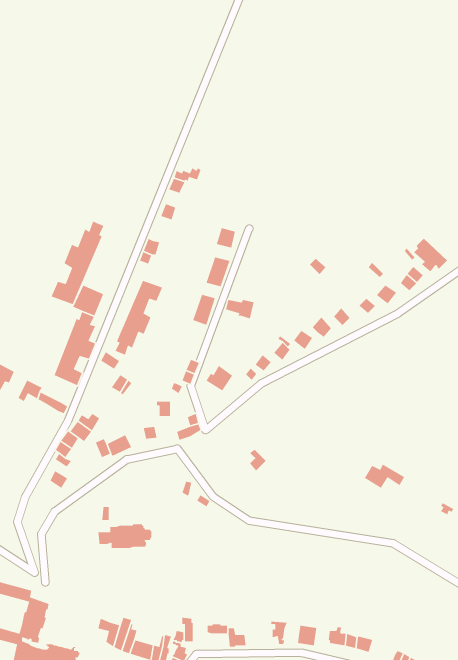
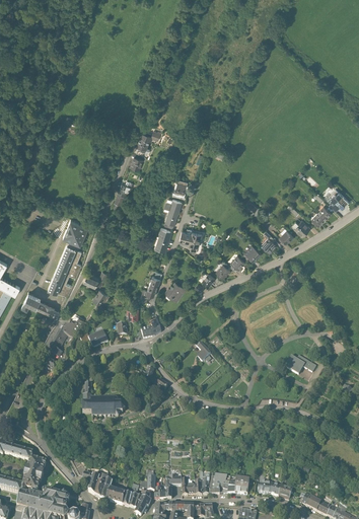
building: [51,221,105,305] -> none
building: [114,280,163,356] -> none

